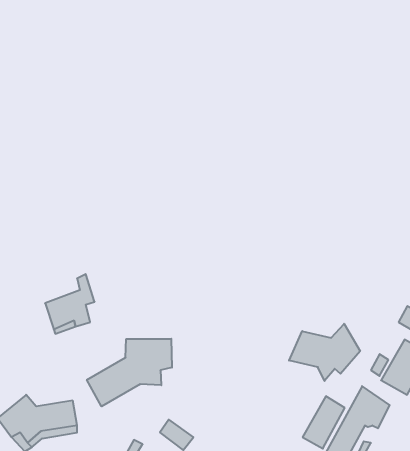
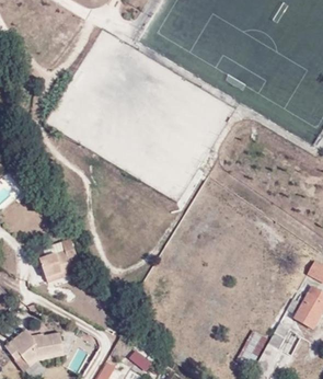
building: [289,324,360,381] -> none
building: [87,339,172,406] -> none

